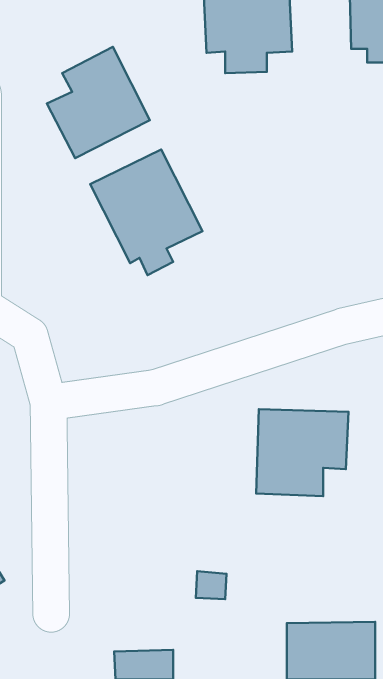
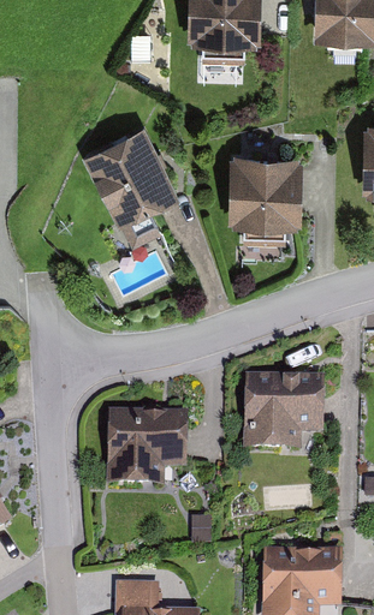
building: [47,47,150,158] -> none
building: none -> [222,156,297,249]
building: none -> [106,405,190,483]

